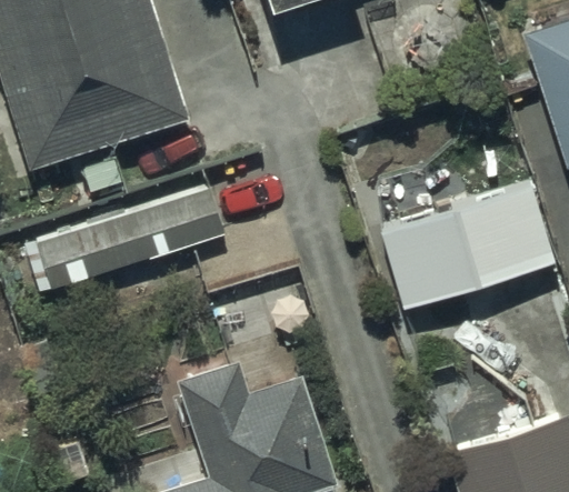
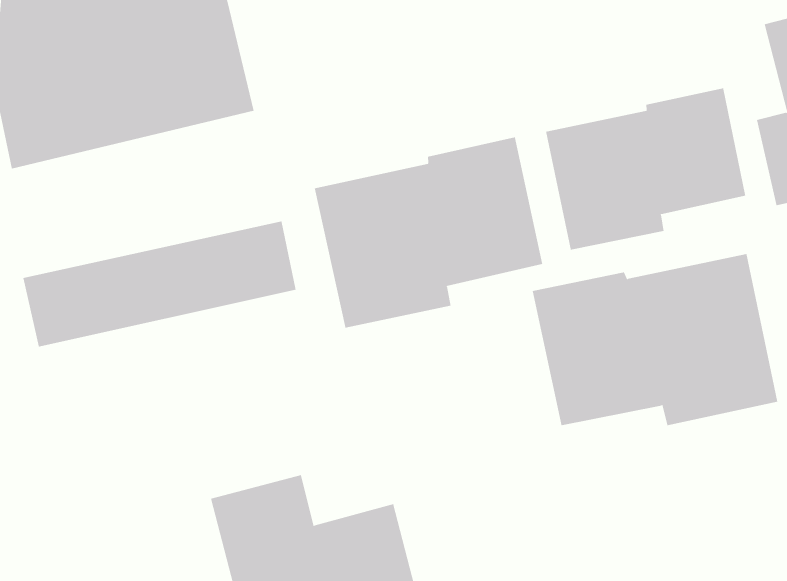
building: none -> [545,88,746,250]
building: none -> [314,136,543,329]

